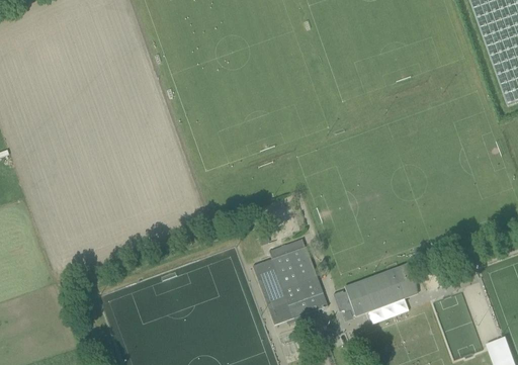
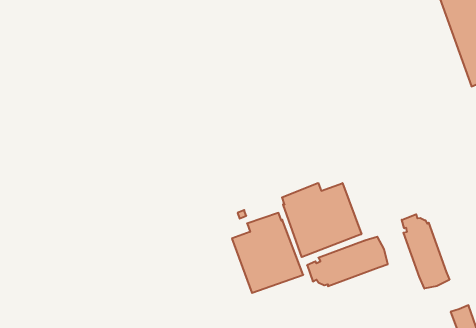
building: none -> [282,183,361,257]
building: none -> [402,214,449,289]

